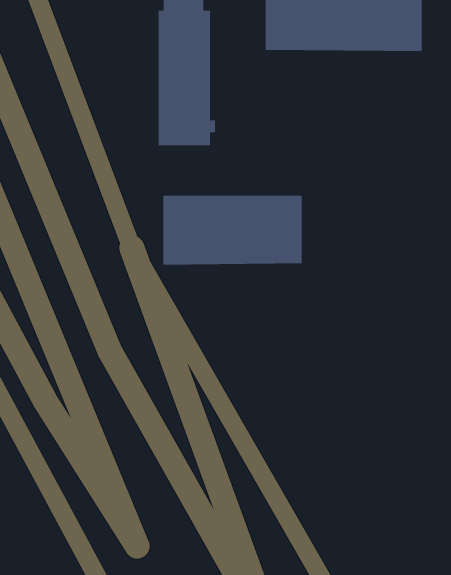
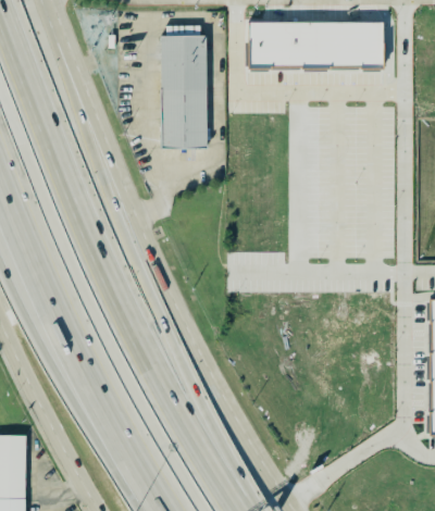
building: [163,195,302,265] -> none

